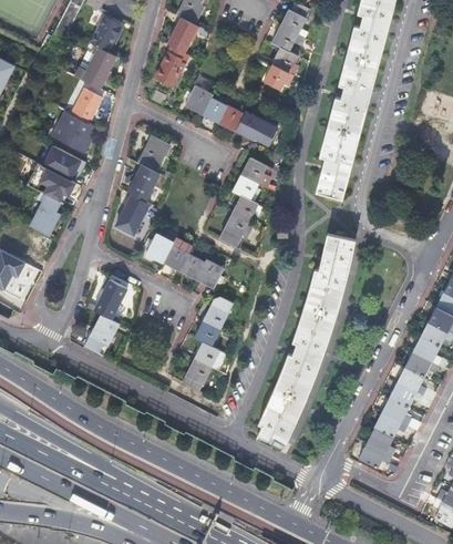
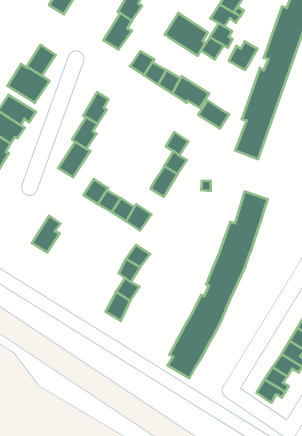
building: none -> [165,13,208,56]
building: [74,43,116,89] -> none
building: none -> [229,41,257,70]
building: [243,157,277,187] -> [198,101,229,128]
building: [85,315,121,352] -> none

